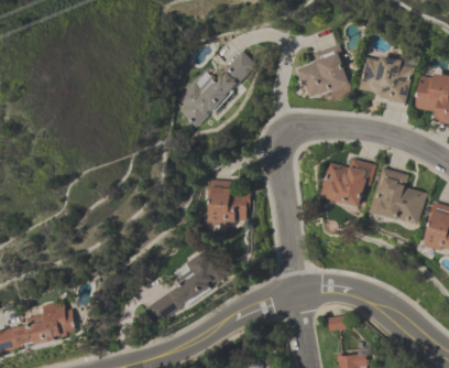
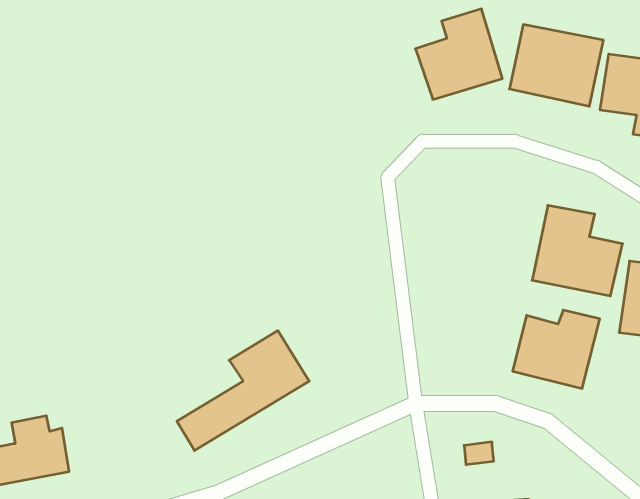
building: [172,51,258,128] -> none
building: [321,159,376,208] -> [513,310,600,388]
building: [205,180,251,226] -> none

